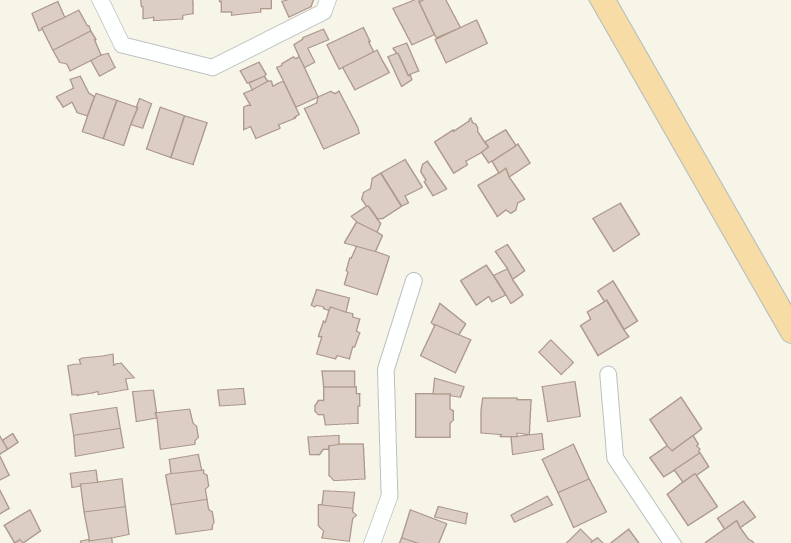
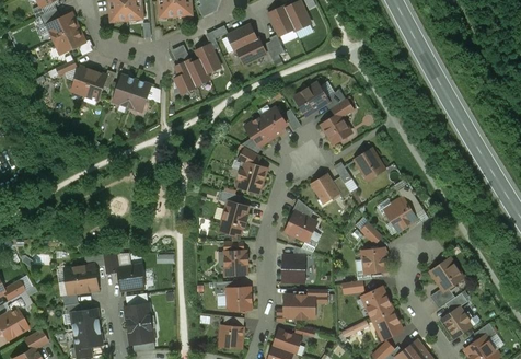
building: [435,20,487,63] -> none
building: [304,91,359,149] -> none
building: [593,203,640,252] -> [355,150,384,181]
building: [68,354,134,396] -> none
building: [481,398,531,436] -> [283,296,315,320]

